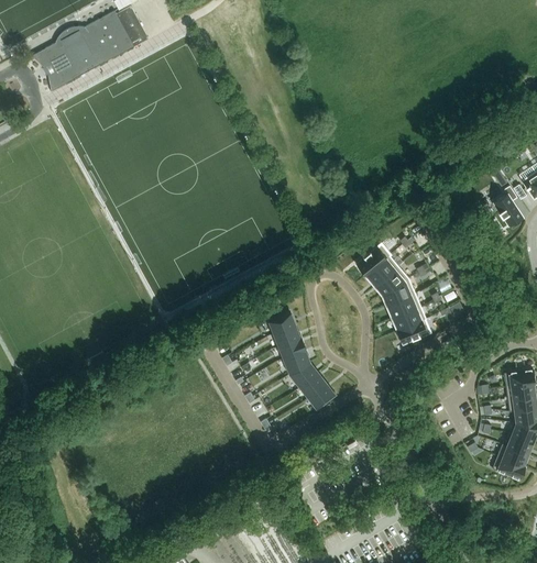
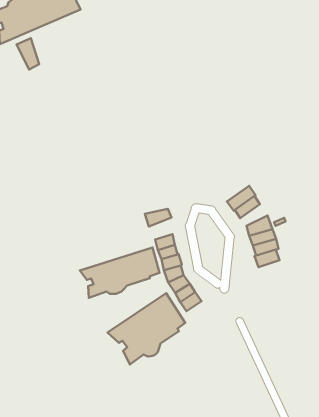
building: none -> [17,38,39,70]
building: [374,265,408,294] -> none
building: none -> [145,209,171,226]
building: none -> [80,248,159,298]
building: none -> [107,293,185,365]

